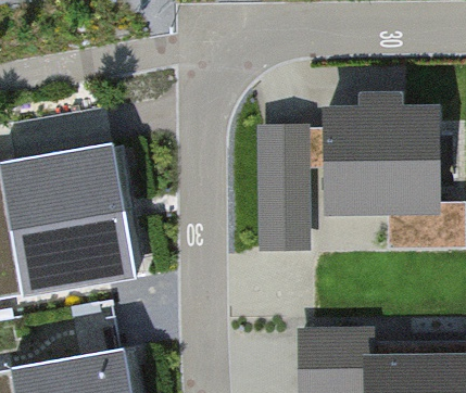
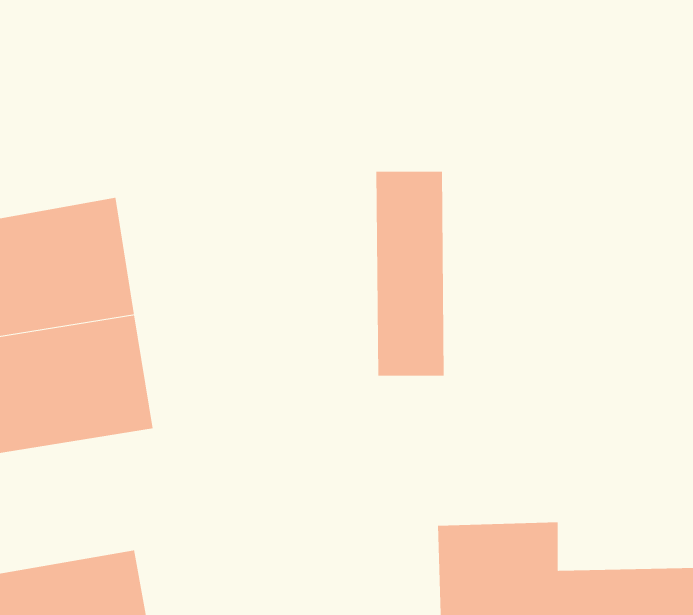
building: [326,100,432,210] -> none

